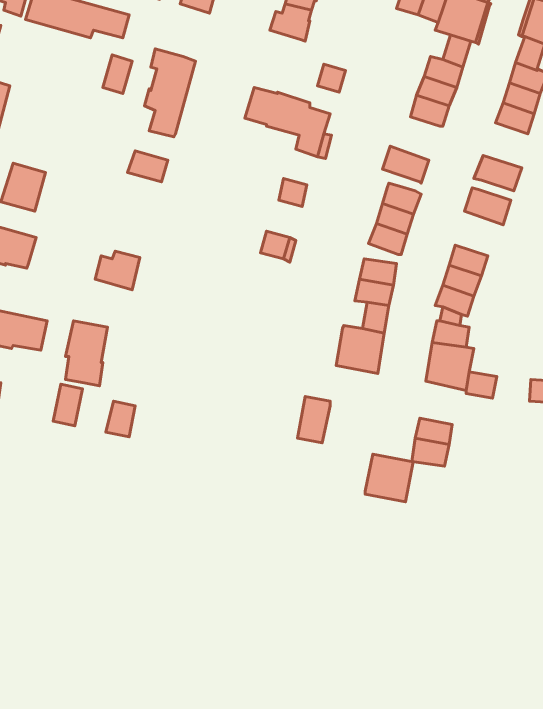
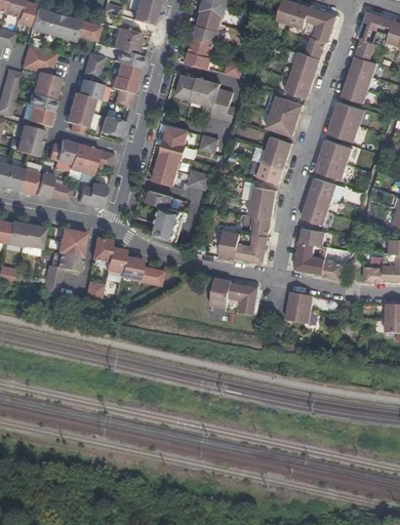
building: none -> [112,26,141,52]
building: none -> [186,35,213,68]
building: none -> [21,44,59,124]
building: none -> [66,77,102,132]
building: none -> [273,96,304,121]
building: none -> [334,102,365,126]
building: none -> [153,124,189,184]
building: none -> [48,137,112,173]
building: none -> [317,155,348,179]
building: none -> [36,171,72,200]
building: none -> [147,189,187,240]
building: none -> [219,230,241,260]
building: none -> [92,237,164,285]
building: [365,454,413,502] -> [228,284,259,316]

